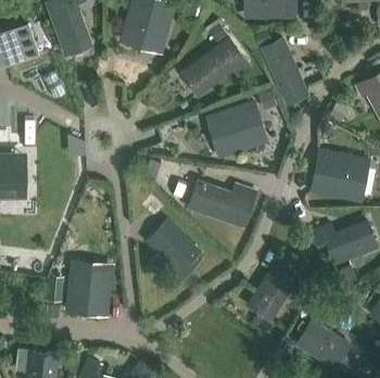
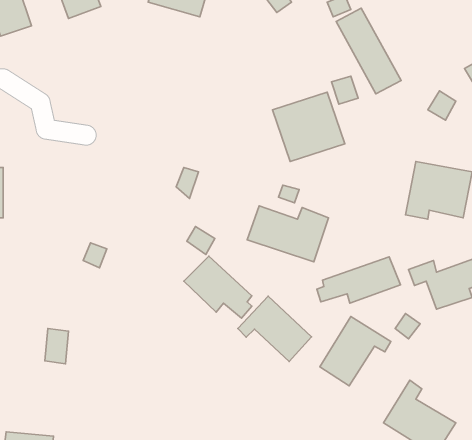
building: [183,41,250,96] -> none
building: none -> [317,257,401,303]
building: none -> [238,296,311,362]
building: [68,269,110,315] -> none

